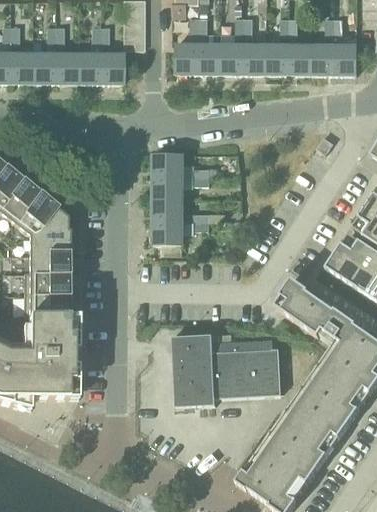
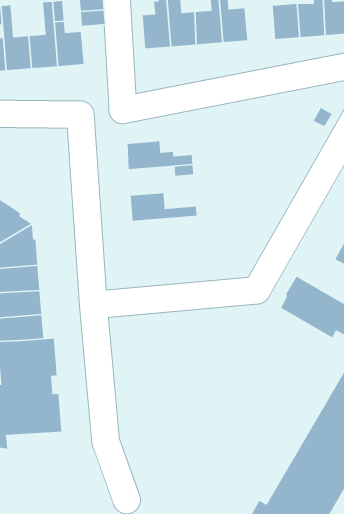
building: [266,43,289,73] -> none
building: [153,175,183,197] -> none
building: [153,220,210,243] -> none
building: [173,334,282,406] -> none

